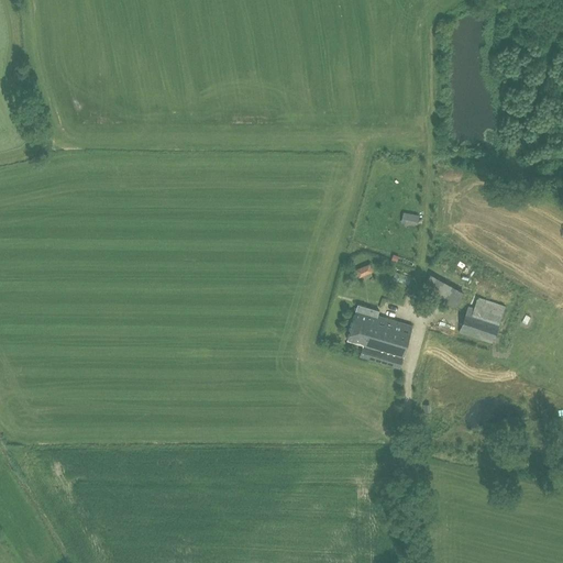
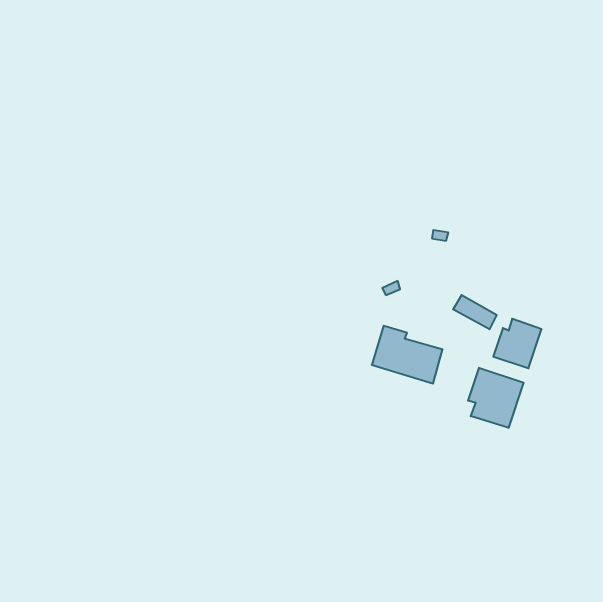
building: none -> [468,368,524,428]

